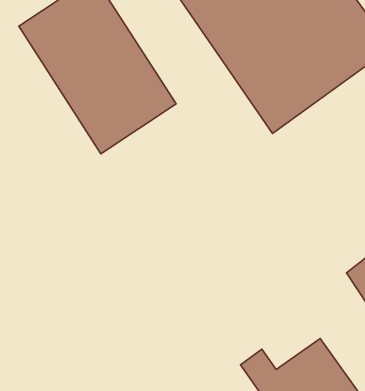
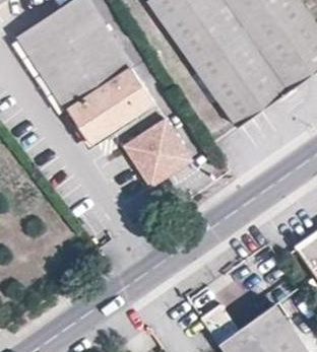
building: none -> [122,120,190,188]

